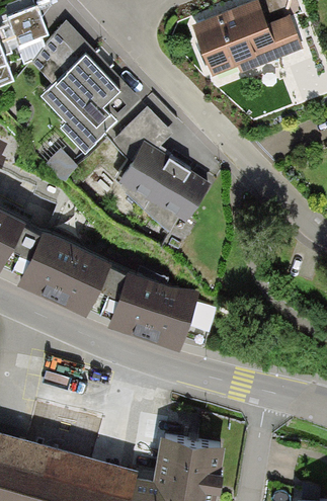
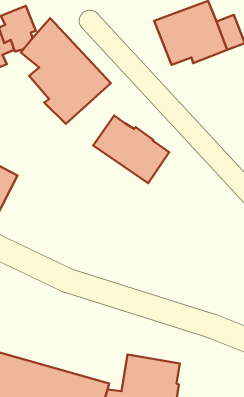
building: [113,111,172,160] -> none
building: [16,227,112,316] -> none
building: [106,270,198,352] -> none

